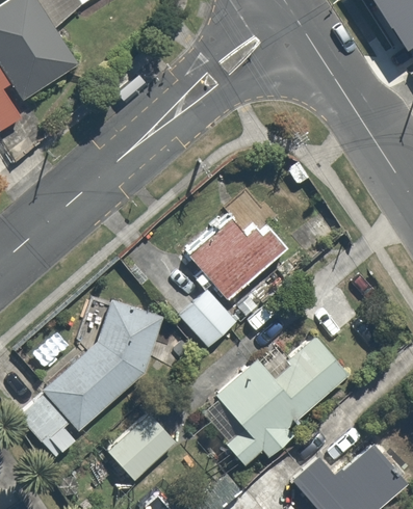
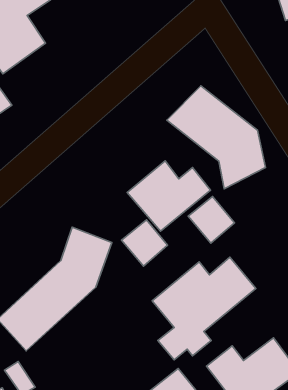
building: none -> [167,86,266,189]
building: none -> [188,196,234,243]
building: [110,411,181,479] -> none

